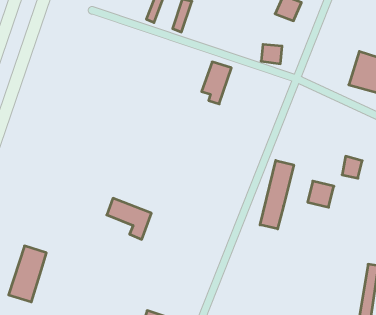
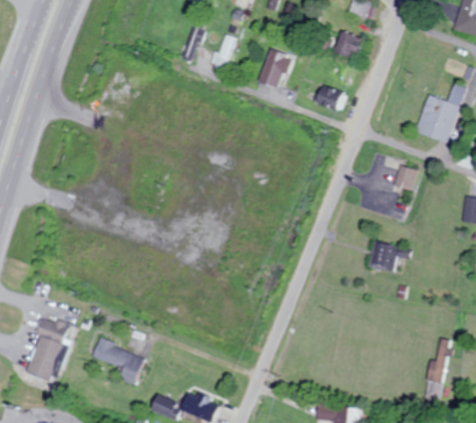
building: [202,62,231,104] -> [258,48,292,96]
building: [342,156,362,178] -> [395,164,418,189]
building: [260,160,294,229] -> none
building: [107,198,151,239] -> [93,338,144,385]

